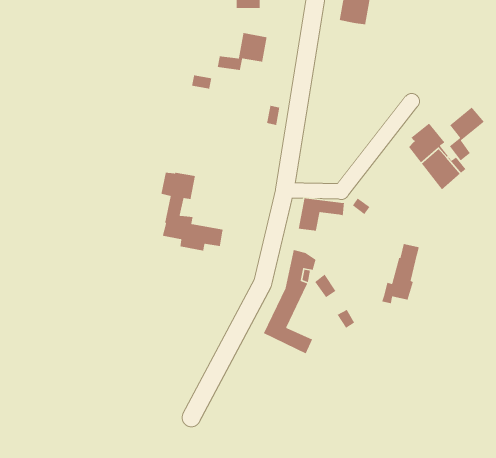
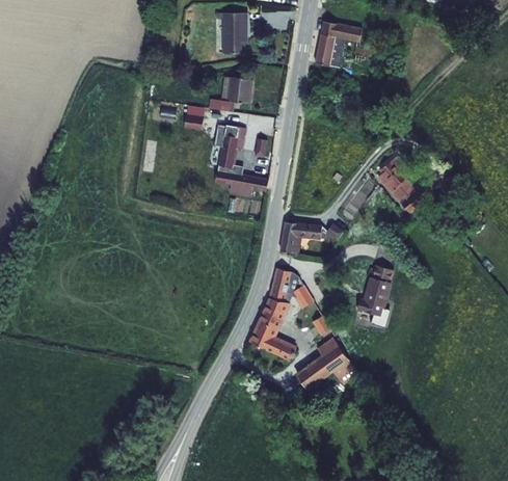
building: [449,106,485,162] -> none
building: [161,172,224,252] -> [213,126,269,196]
building: none -> [300,341,353,390]

